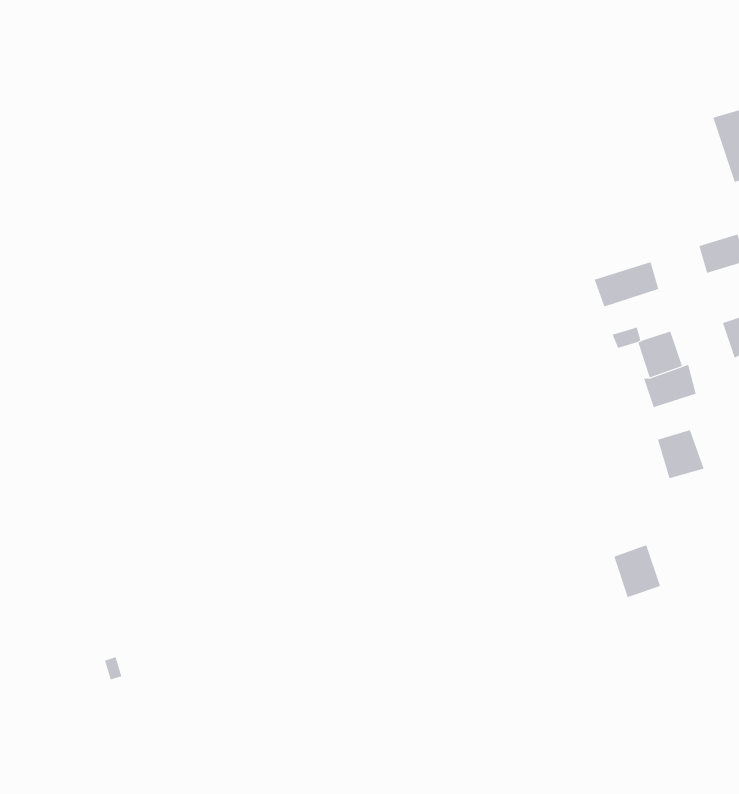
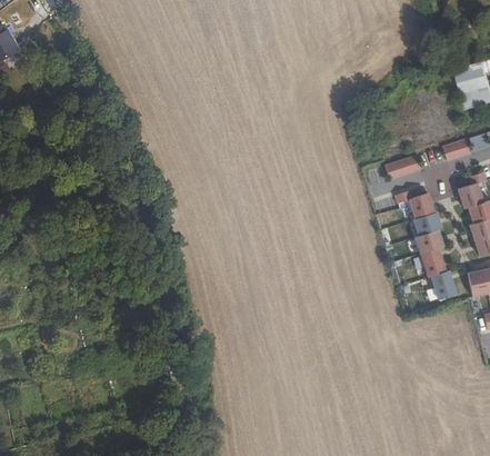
building: none -> [413,229,443,254]
building: [613,545,661,598] -> [430,270,457,300]

